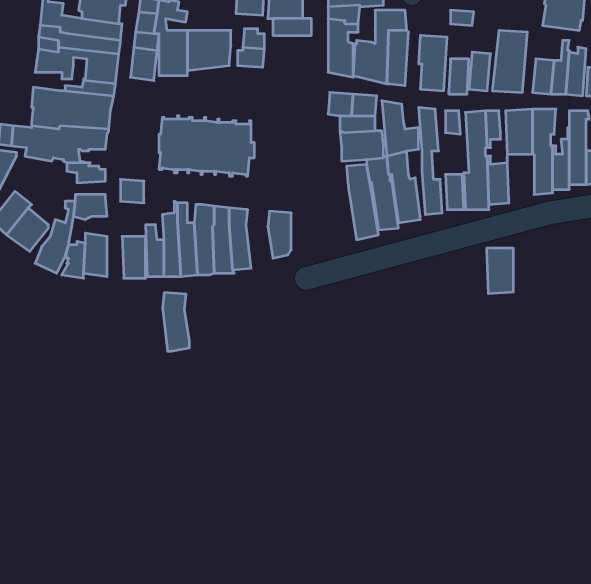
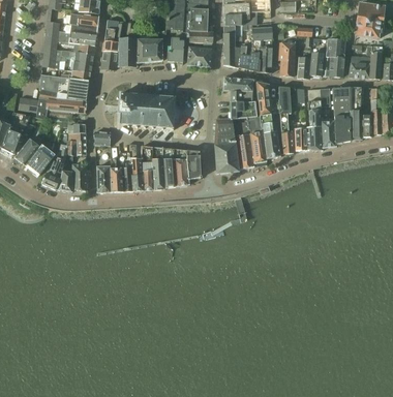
building: none -> [187,41,213,66]
building: none -> [215,118,239,172]
building: [487,248,513,294] -> [334,115,351,143]
building: [163,293,189,351] -> [173,149,189,185]

